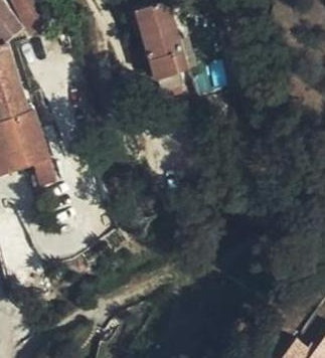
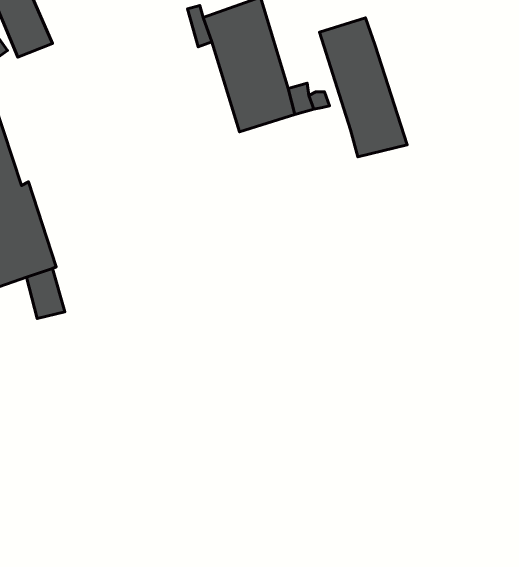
building: none -> [319,18,407,157]

